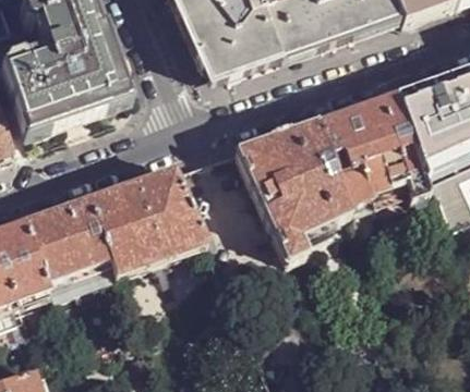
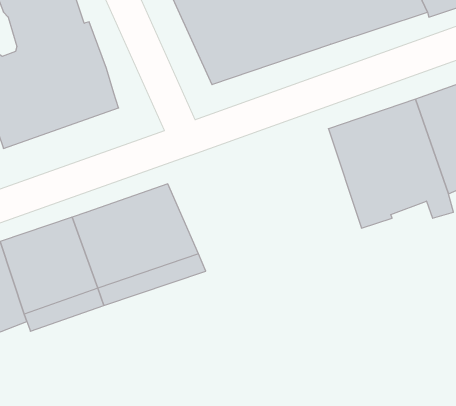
building: [234,118,348,258] -> none

